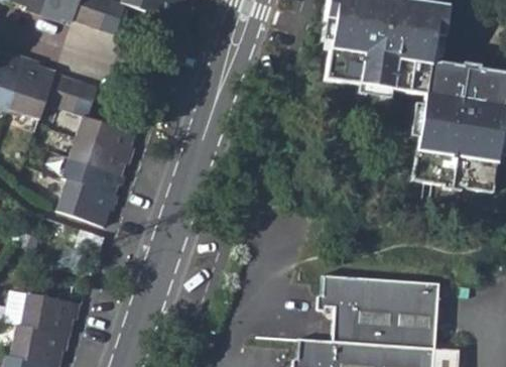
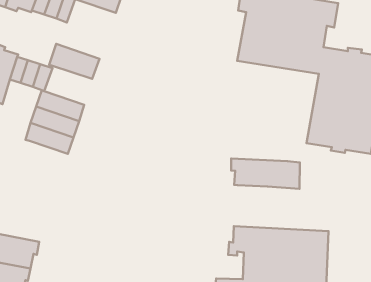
building: none -> [49,44,100,79]
building: [57,174,120,224] -> none
building: none -> [231,159,300,189]

